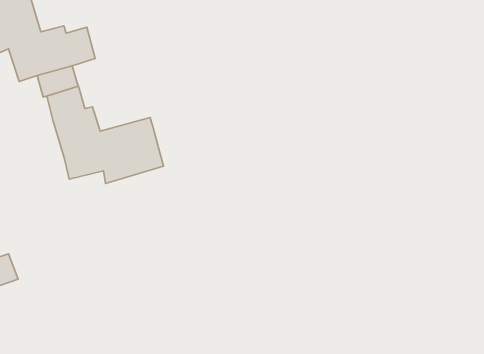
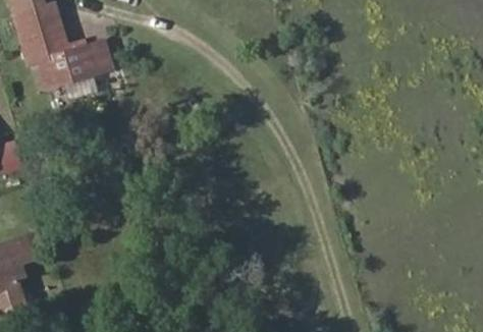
building: [47,86,163,184] -> none

